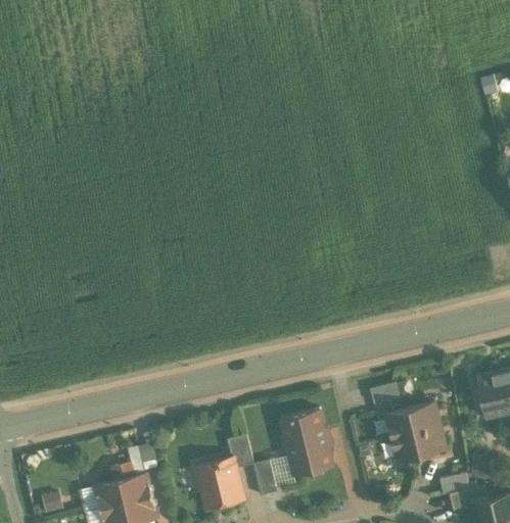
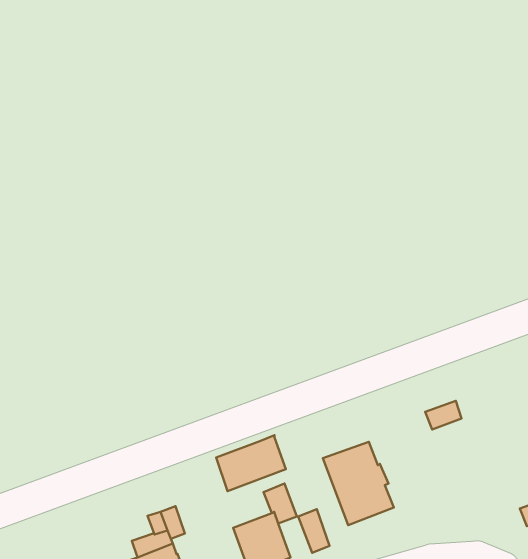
building: none -> [216,435,286,491]
building: [387,402,446,461] -> none

